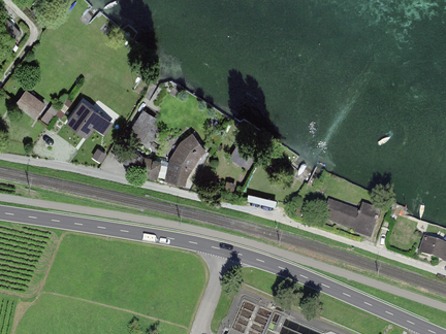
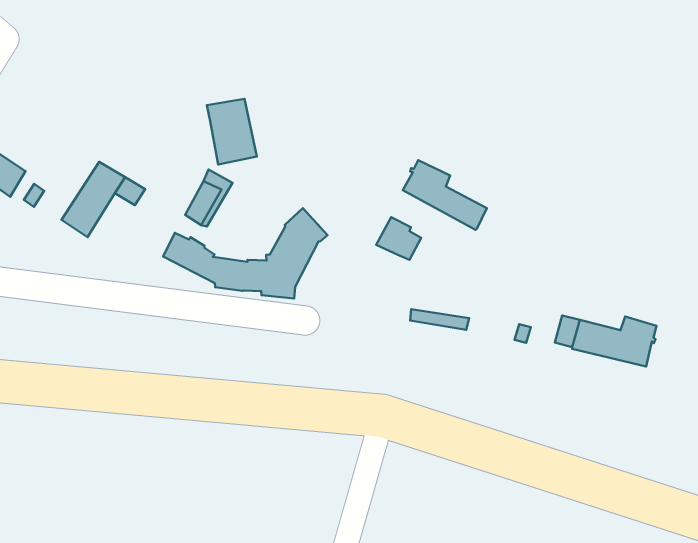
building: none -> [207,99,257,165]
building: none -> [403,160,487,230]

